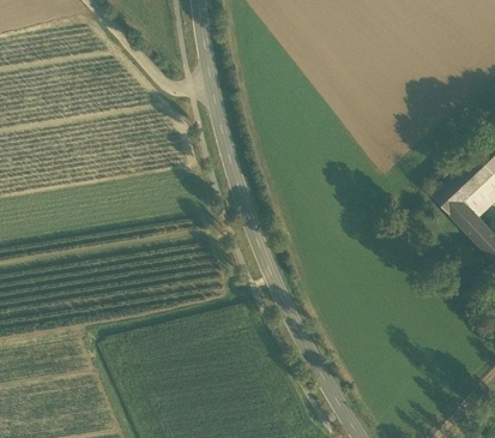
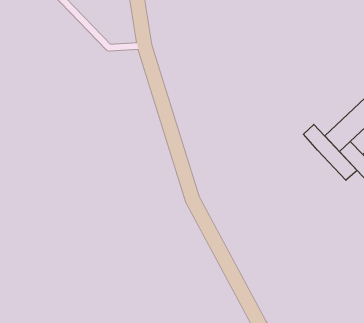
building: none -> [303,124,357,180]

